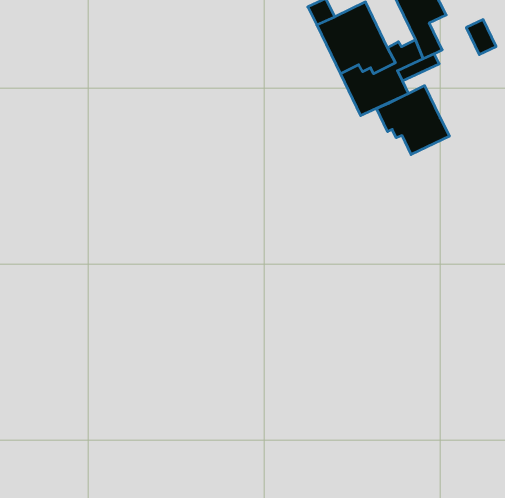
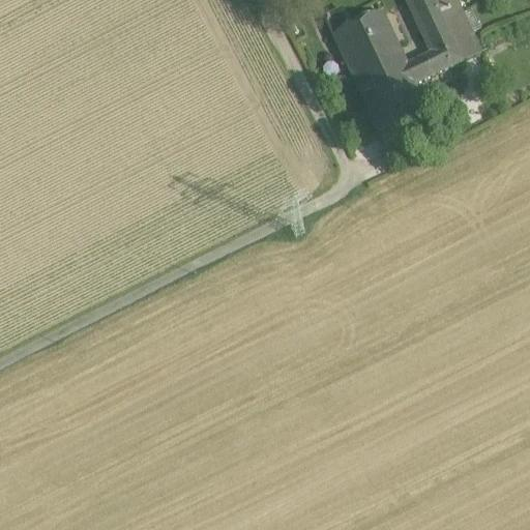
building: [466,20,496,55] -> [446,16,477,52]
building: [377,86,449,155] -> none

